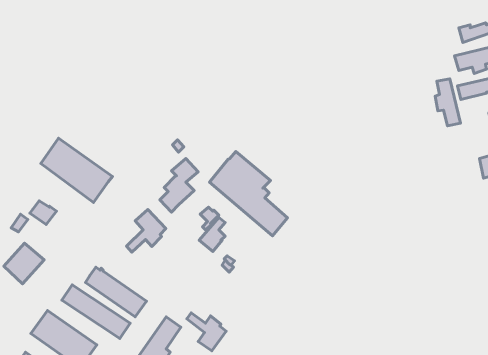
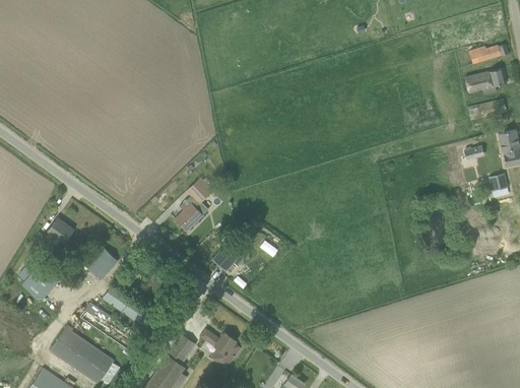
building: [435,79,460,126] -> none
building: [41,138,112,202] -> none
building: [209,151,287,236] -> none
building: [127,209,166,252] -> none
building: none -> [82,243,119,279]

